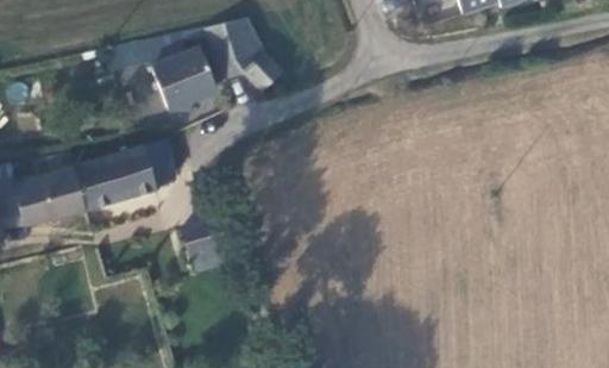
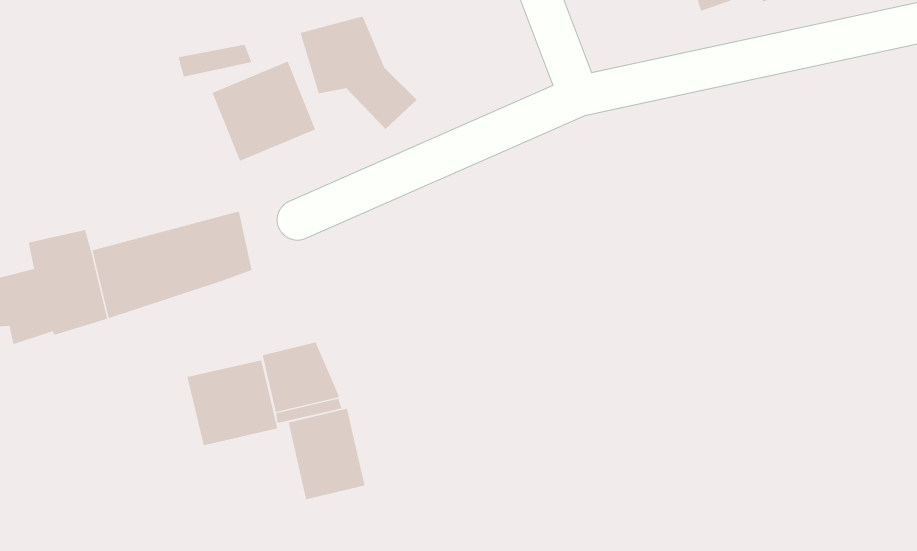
building: none -> [187,359,278,446]
building: none -> [288,408,365,500]

